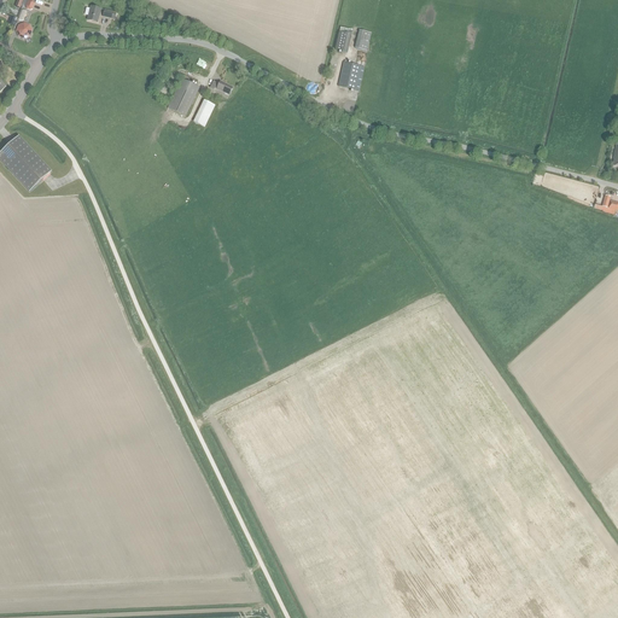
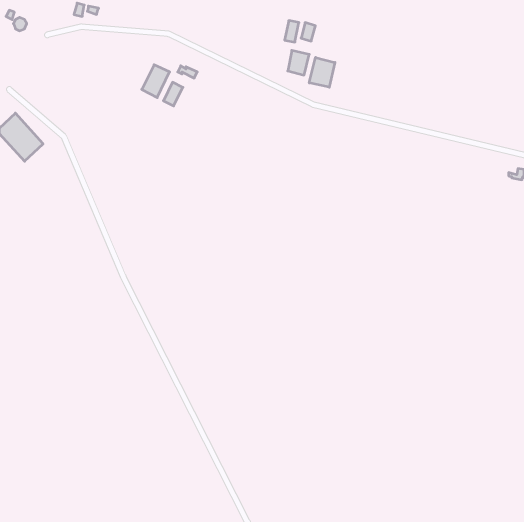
building: none -> [309,57,335,87]

